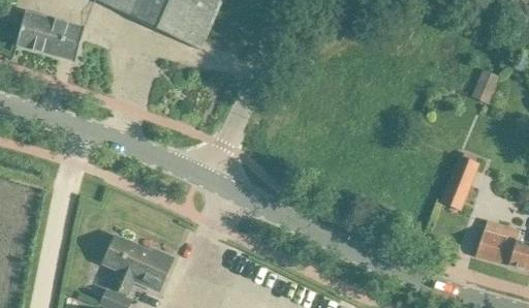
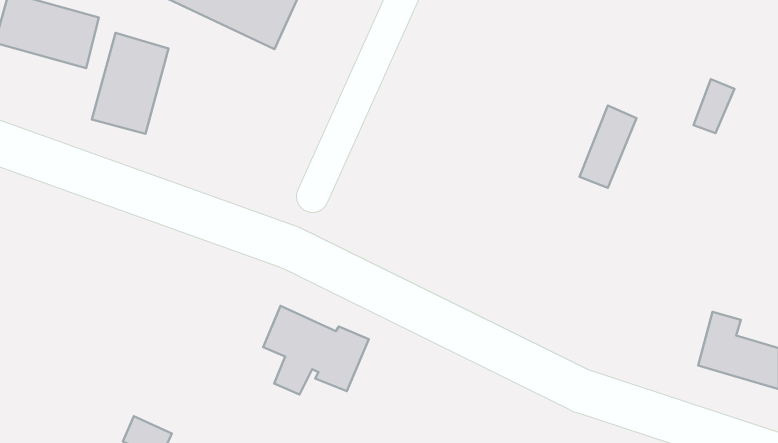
building: none -> [92,33,169,134]
building: [440,155,477,209] -> [579,106,636,188]
building: [103,236,173,294] -> [263,306,369,394]

